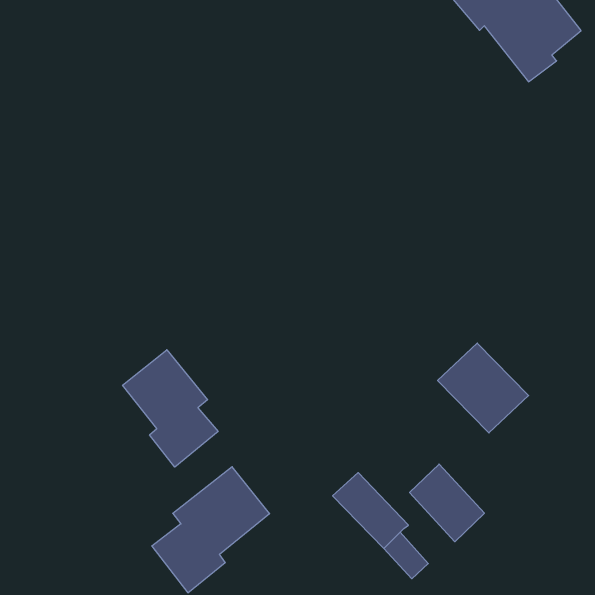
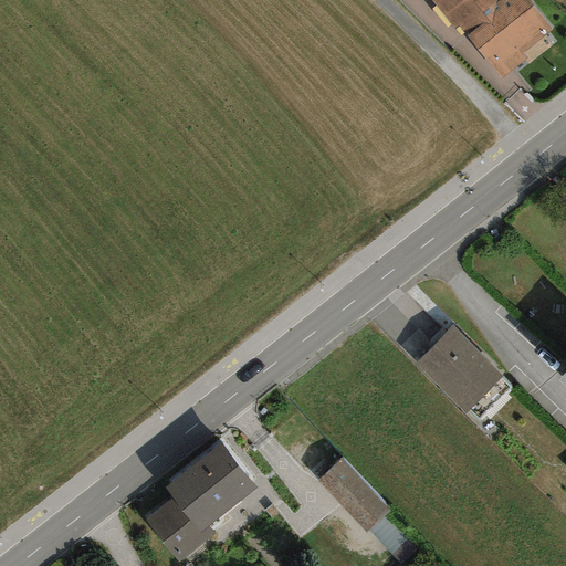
building: [123,350,218,467] -> none
building: [410,464,484,542] -> none

